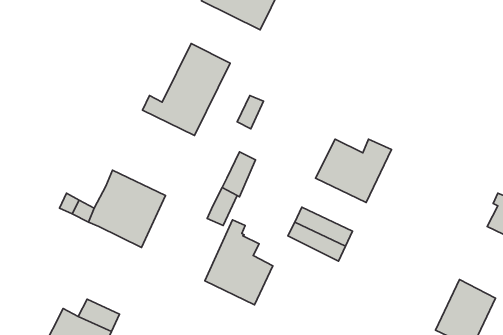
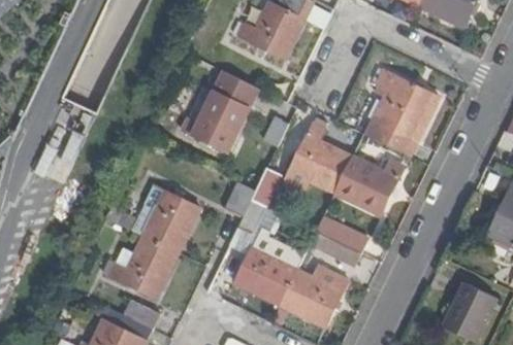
building: none -> [366,67,439,157]
building: none -> [289,117,352,192]
building: none -> [108,235,179,299]
building: none -> [280,265,348,326]

